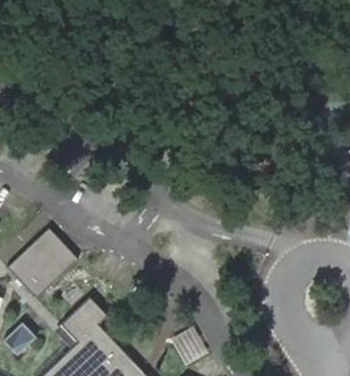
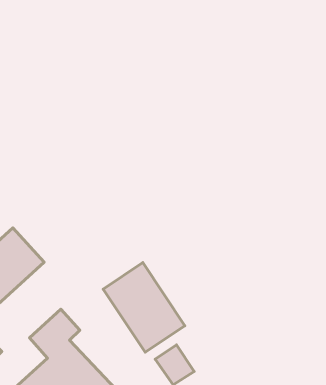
building: none -> [103,263,185,352]

